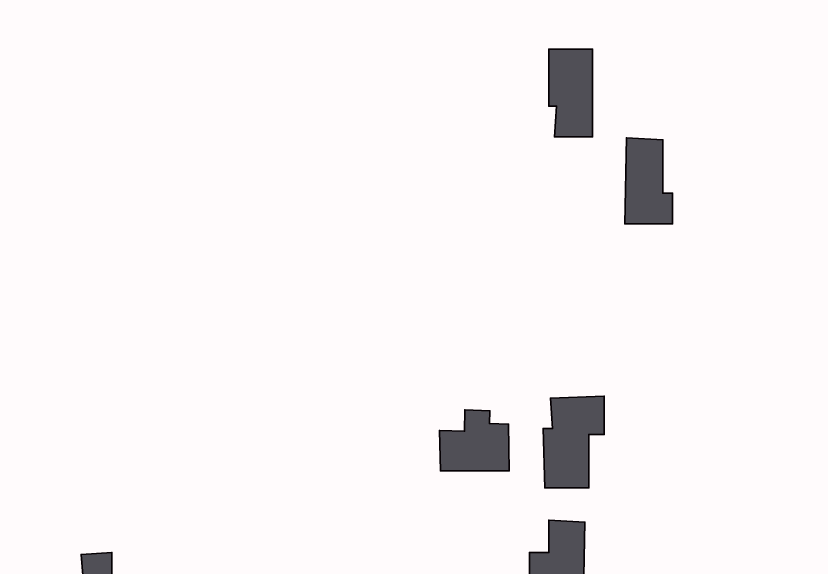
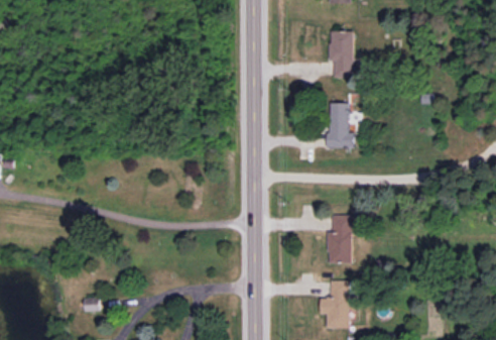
building: [625,138,672,224] -> [328,103,353,148]
building: [440,410,509,471] -> none

